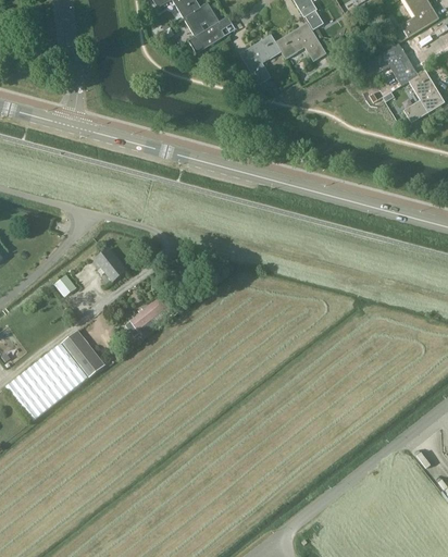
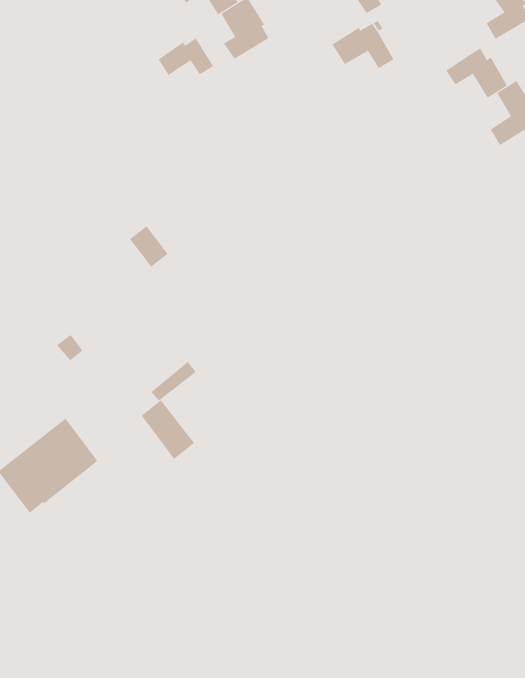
building: [240,33,286,84] -> none
building: none -> [153,37,214,76]
building: [94,247,125,281] -> [129,226,168,267]
building: [61,329,104,377] -> [141,400,195,460]

